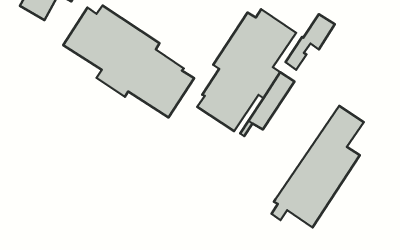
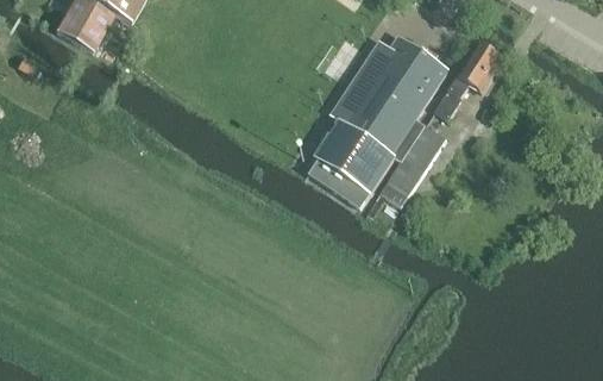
building: [63,5,194,117] -> none
building: [271,106,364,227] -> none

